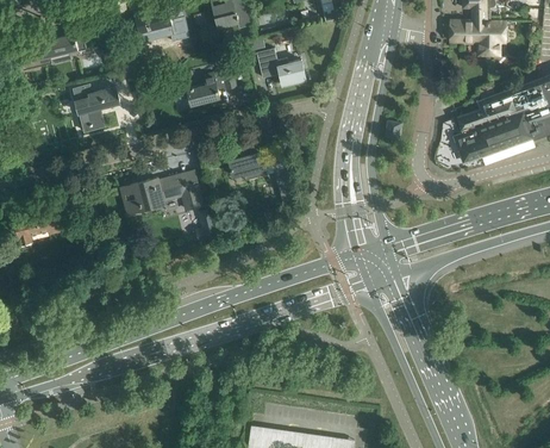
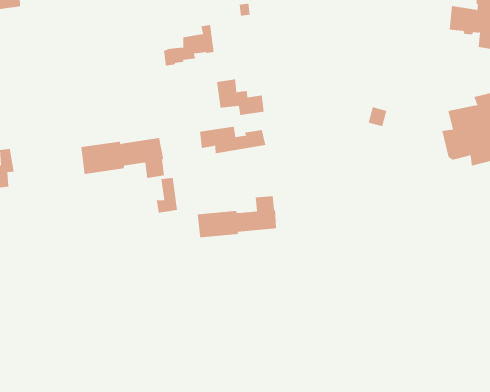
building: [256,50,304,83] -> [216,79,265,115]
building: [75,88,119,133] -> none
building: none -> [197,195,276,238]

